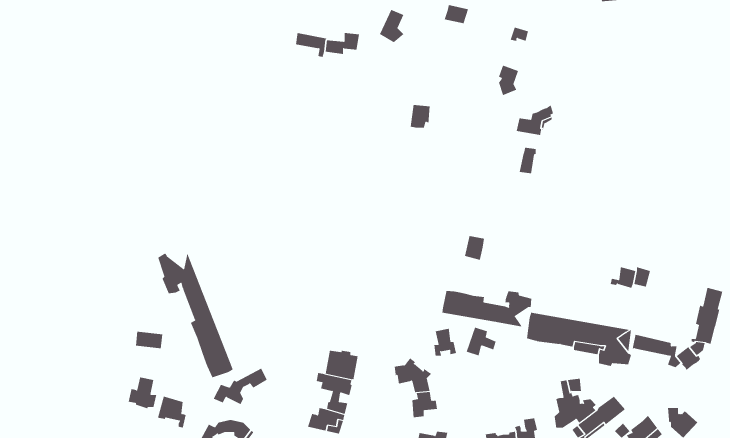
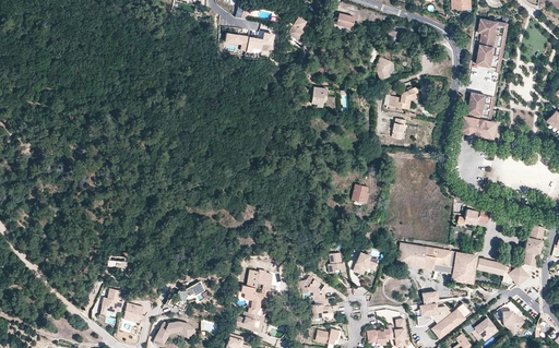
building: none -> [476,17,511,68]
building: none -> [462,87,498,139]
building: [157,252,234,378] -> none
building: [442,290,532,327] -> none

